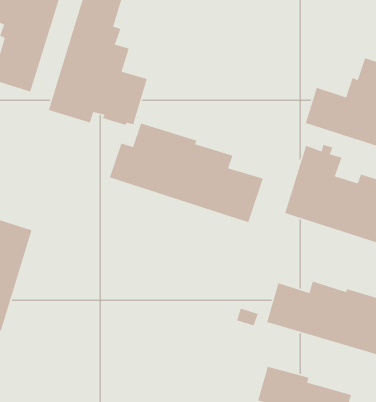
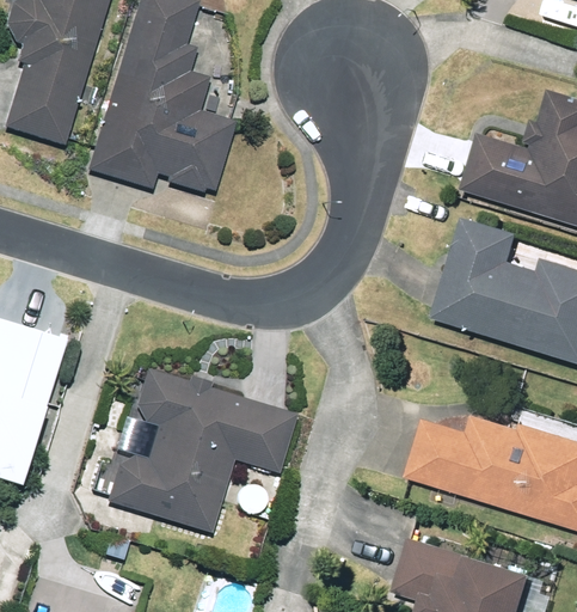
building: [109,122,264,223] -> none
building: none -> [97,372,296,532]

